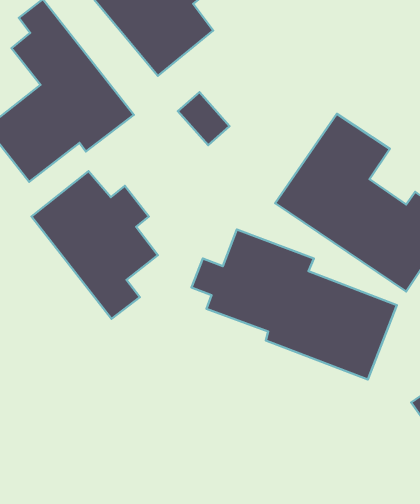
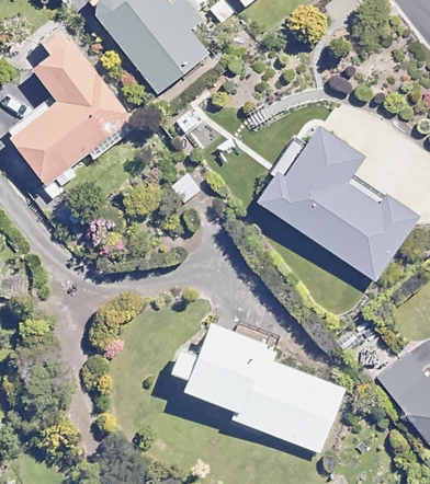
building: [32,171,158,319] -> none
building: [191,230,397,380] -> [167,322,346,452]

